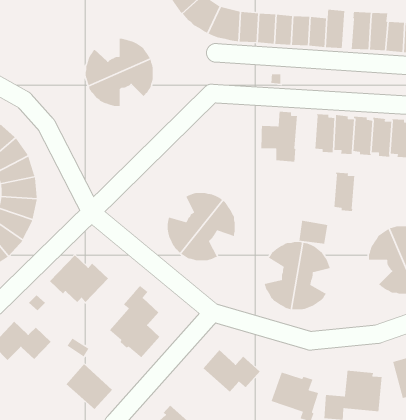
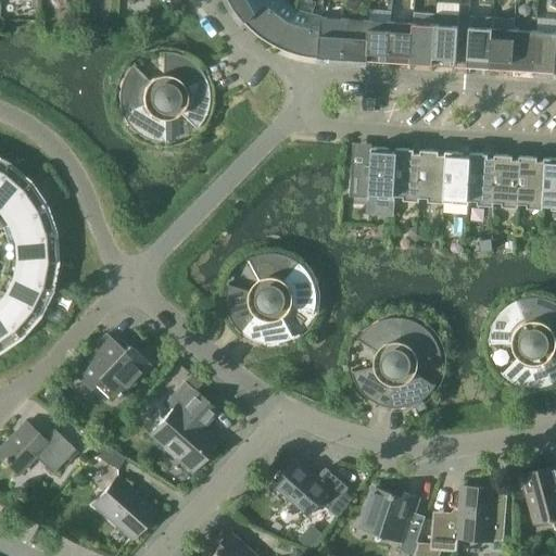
building: [334,172,355,212] -> [394,150,422,202]
building: [299,220,328,244] -> none

